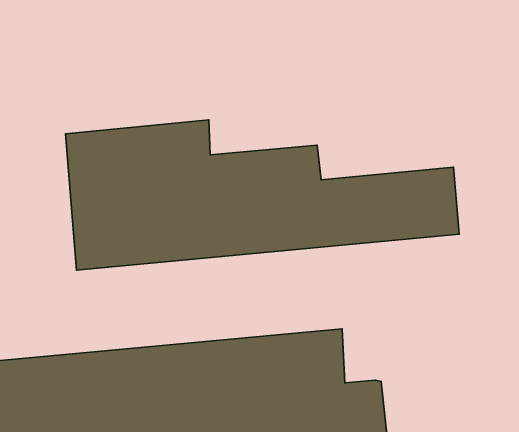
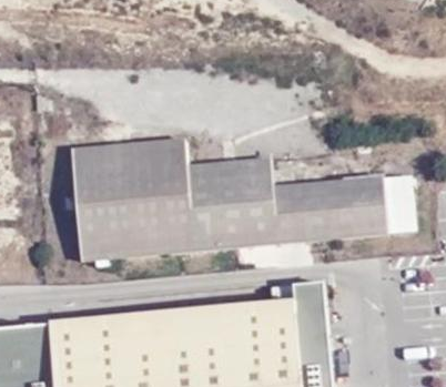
building: none -> [383,170,414,225]
building: none -> [293,286,321,344]

